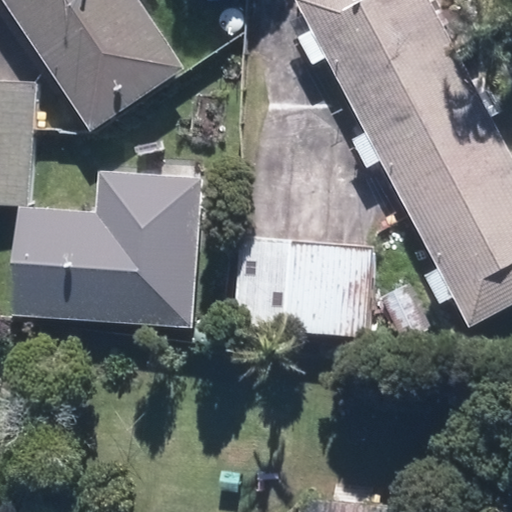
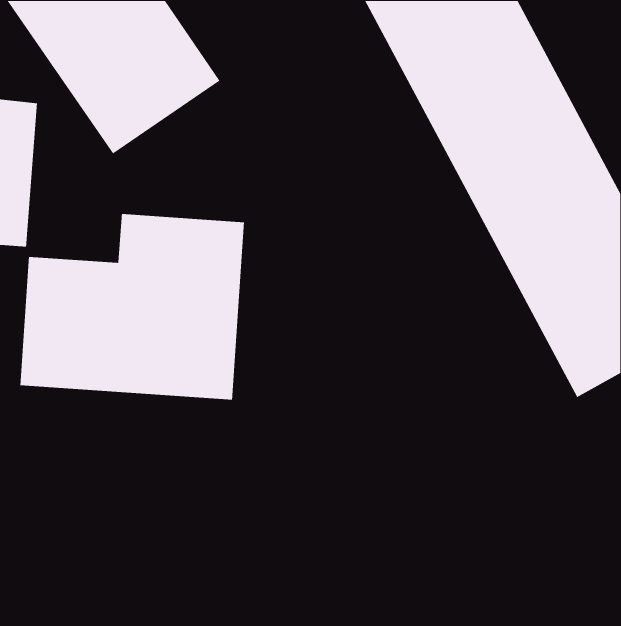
building: [236,238,368,336] -> none

